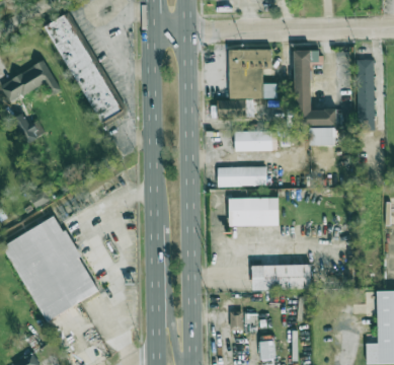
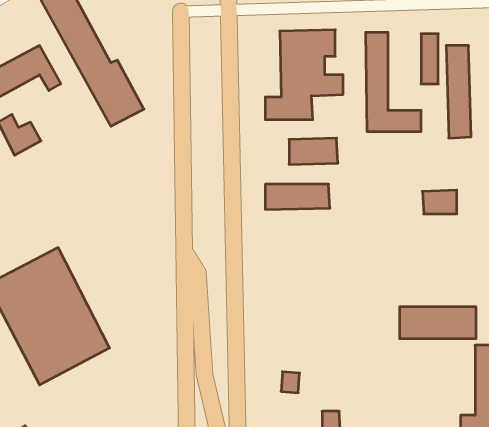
building: [309,127,335,145] -> [422,190,457,214]
building: [229,198,279,225] -> none
building: [252,265,311,289] -> [400,307,476,339]

